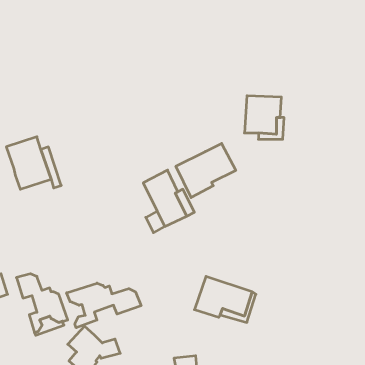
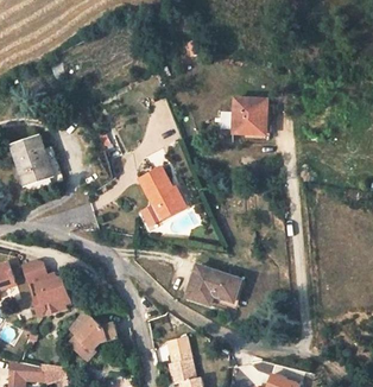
building: [176,143,236,198] -> none
building: [67,283,141,328] -> none

